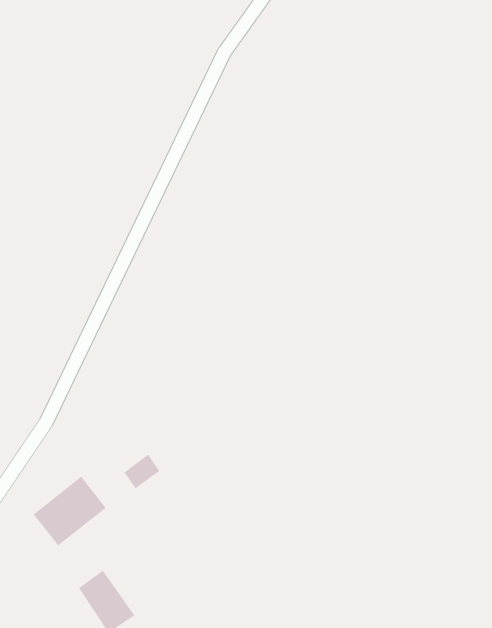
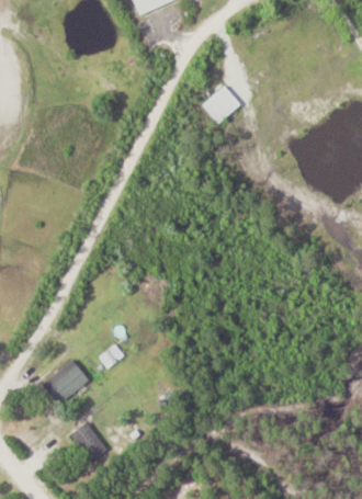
building: none -> [202,86,240,124]

